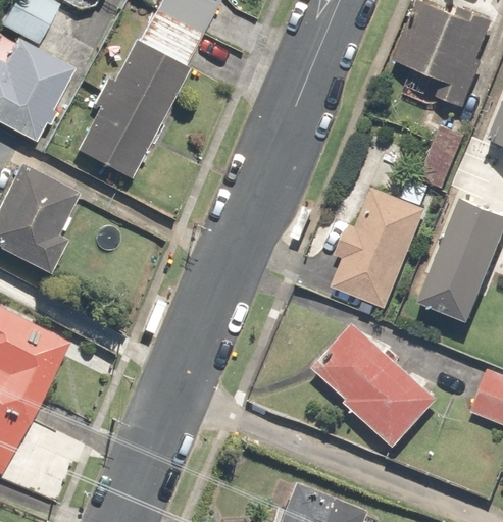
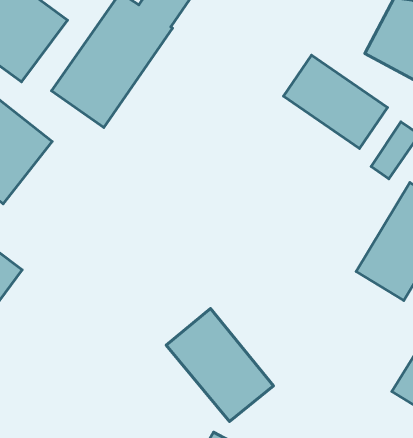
building: none -> [284,55,387,149]
building: [328,188,421,306] -> none
building: [315,325,434,440] -> [166,309,274,421]

